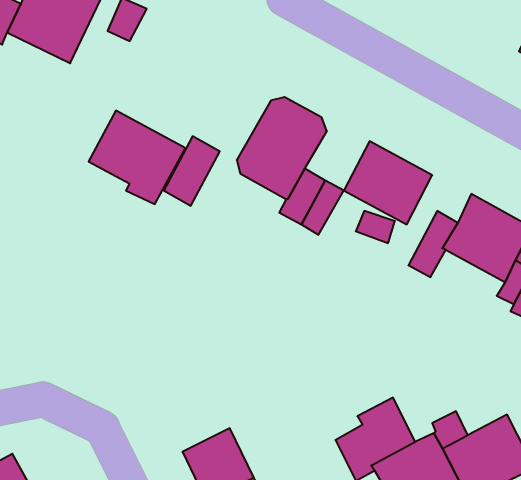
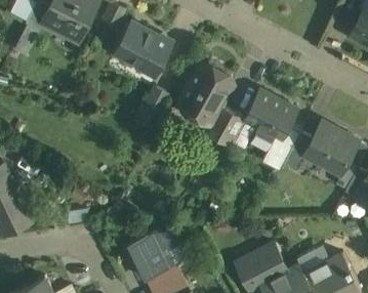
building: [89,111,185,204] -> [114,20,172,77]
building: none -> [124,234,180,279]

